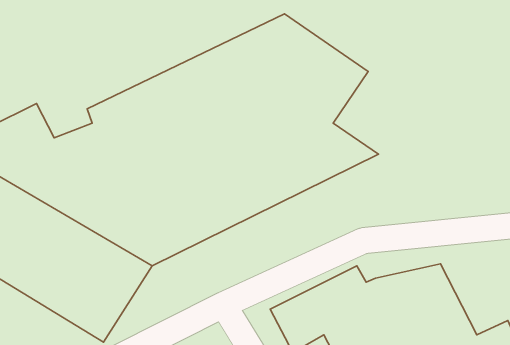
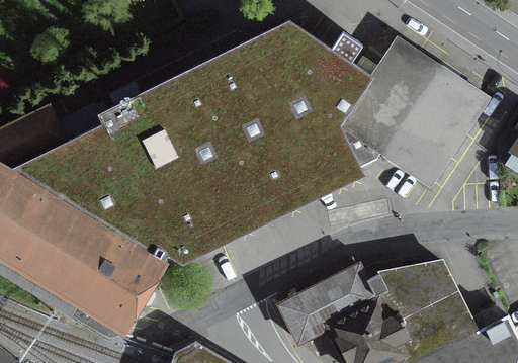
building: none -> [339,36,495,190]

